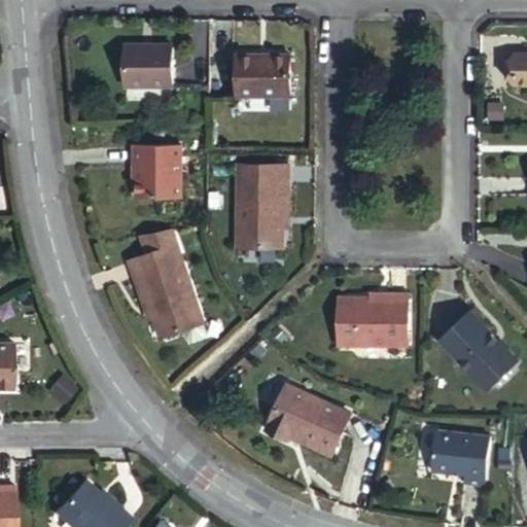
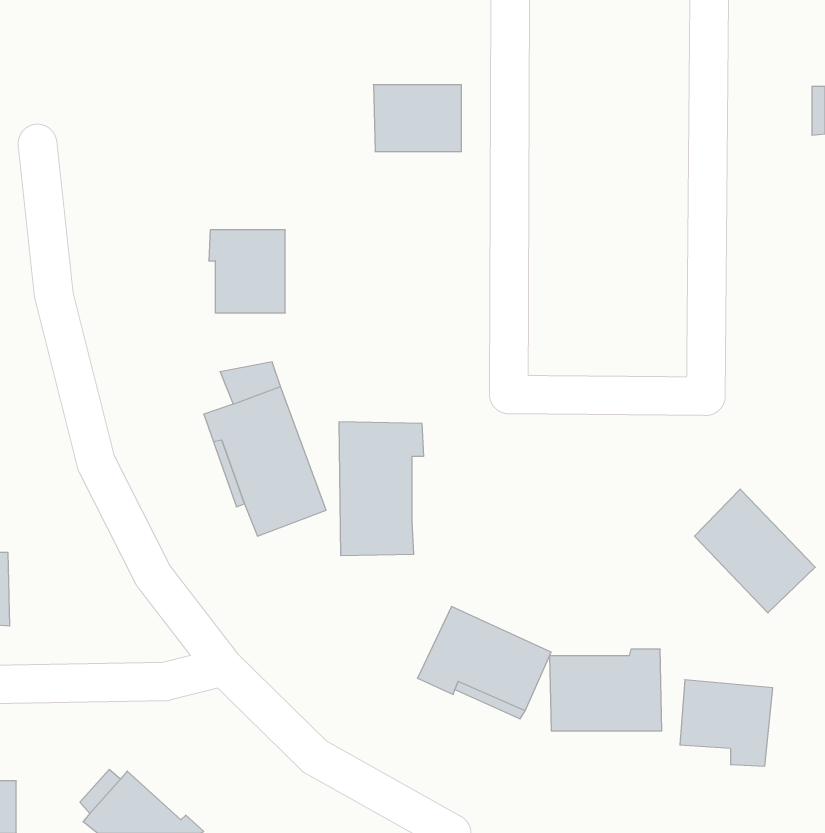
building: [124,46,171,87] -> none
building: [238,164,291,248] -> [339,422,424,556]
building: [336,292,407,344] -> [549,649,662,731]

